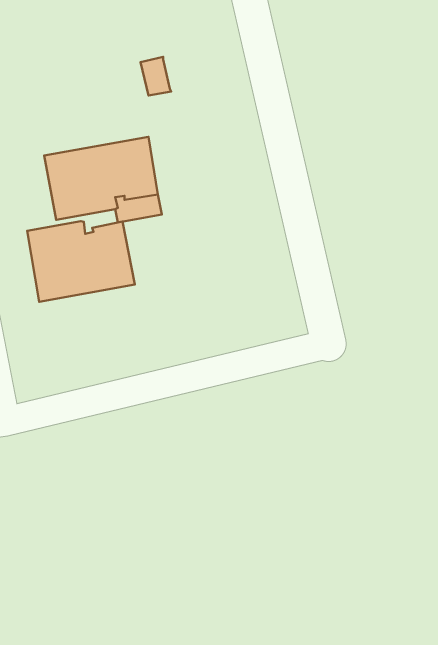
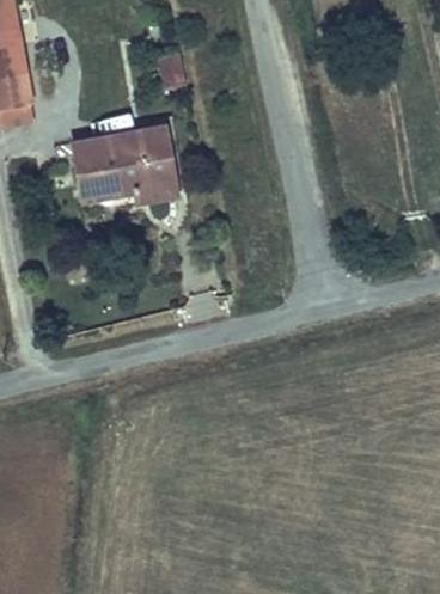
building: [27,221,135,302] -> none

